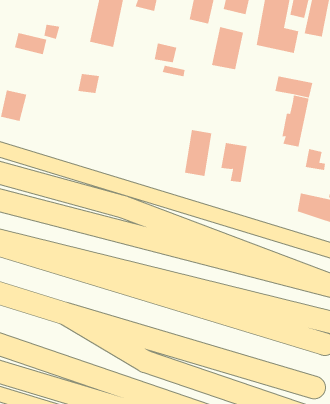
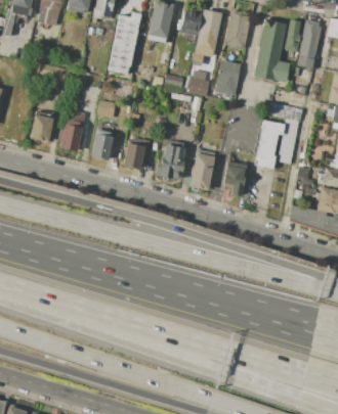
building: none -> [188,71,208,95]
building: none -> [57,107,86,150]
building: none -> [254,120,285,170]
building: none -> [92,133,114,159]
building: none -> [124,137,150,170]
building: none -> [156,145,186,179]

